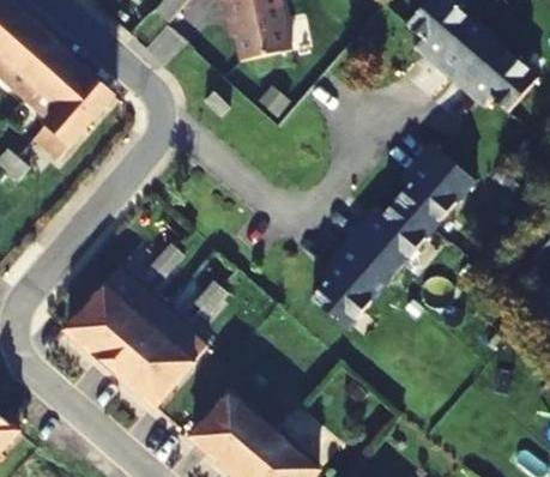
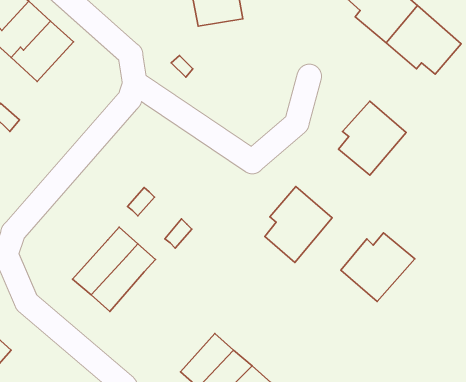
building: [32,77,113,159] -> none
building: [346,200,431,279] -> [341,233,415,301]
building: [66,270,143,350] -> none
building: [132,327,206,405] -> none
building: [191,393,253,457] -> none

